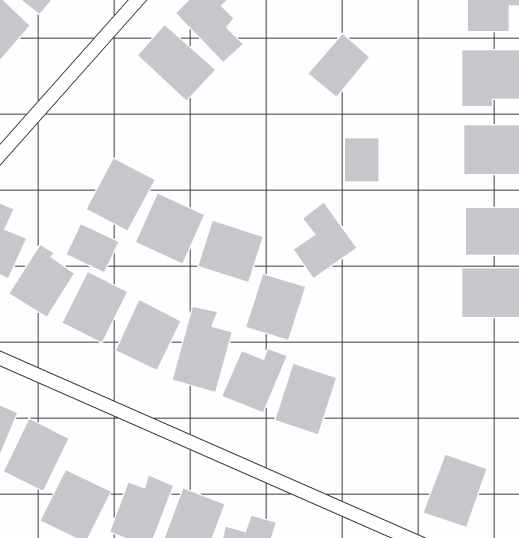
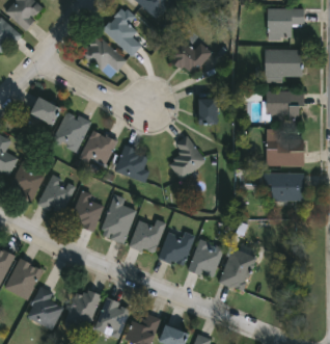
building: [66,223,119,273] -> [30,97,60,125]
building: [245,273,306,341] -> none
building: none -> [188,238,225,279]
building: [423,454,487,527] -> [219,248,255,290]

